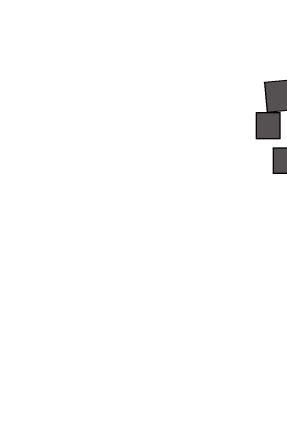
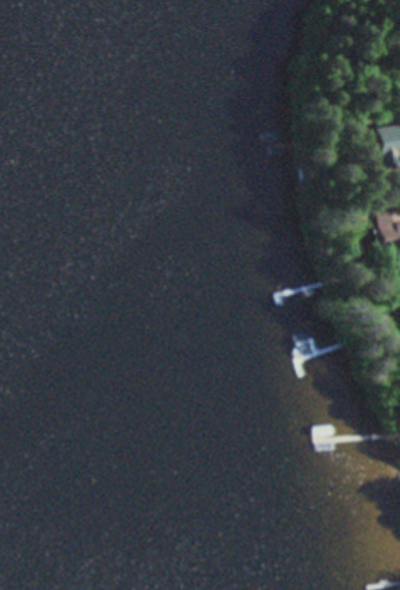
building: [256,113,280,139] -> none

